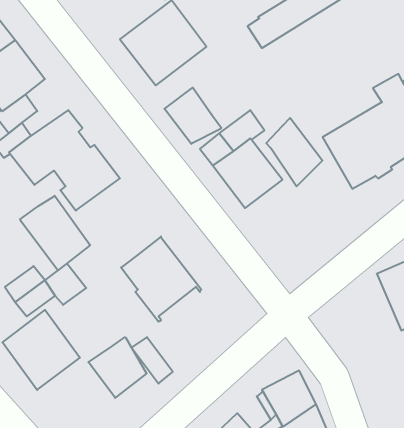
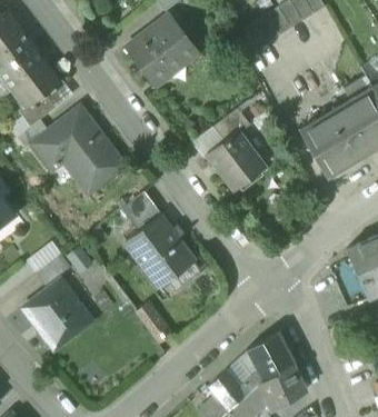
building: [164,88,221,144] -> none
building: [266,118,322,186] -> none
building: [20,196,90,271] -> none
building: none -> [121,191,163,234]
building: [88,337,147,398] -> none

